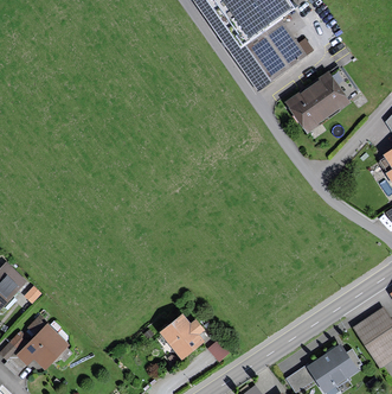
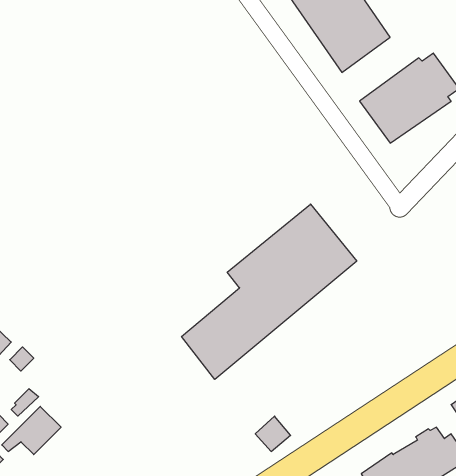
building: none -> [182,204,357,379]
building: [159,313,205,361] -> none

